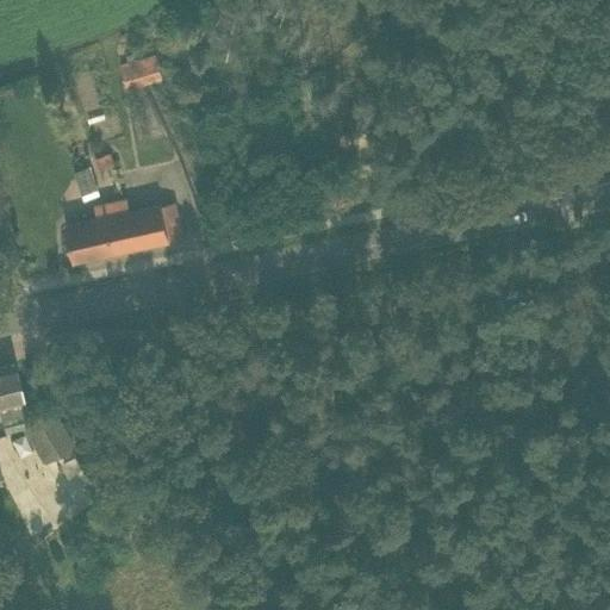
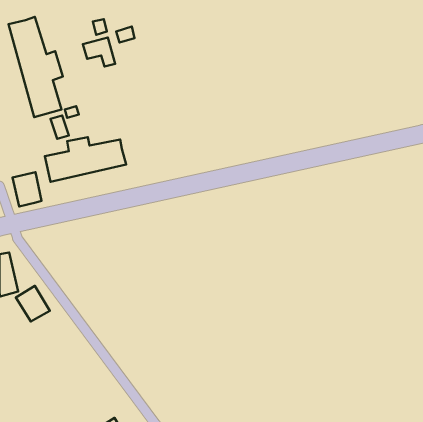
building: none -> [8,17,63,117]
building: none -> [13,172,42,207]

